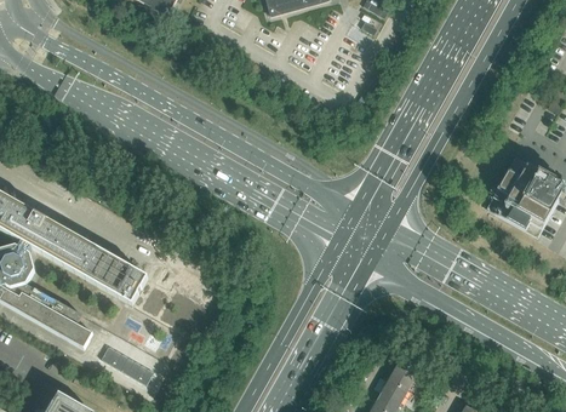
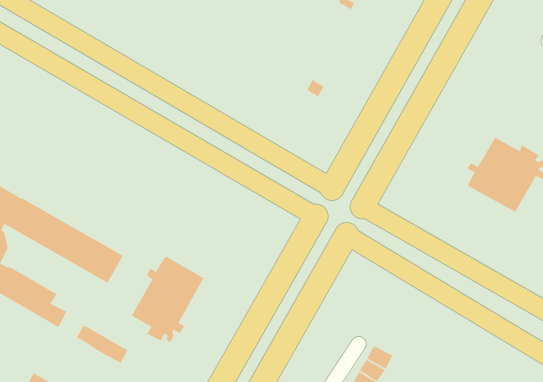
building: none -> [131,255,204,343]

